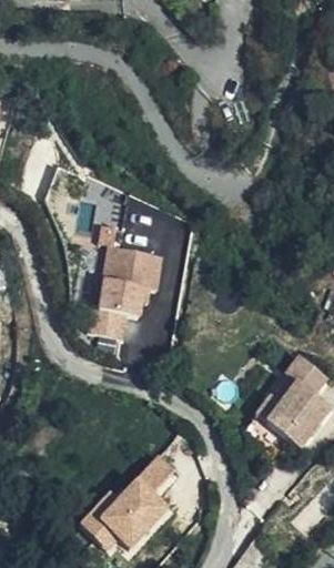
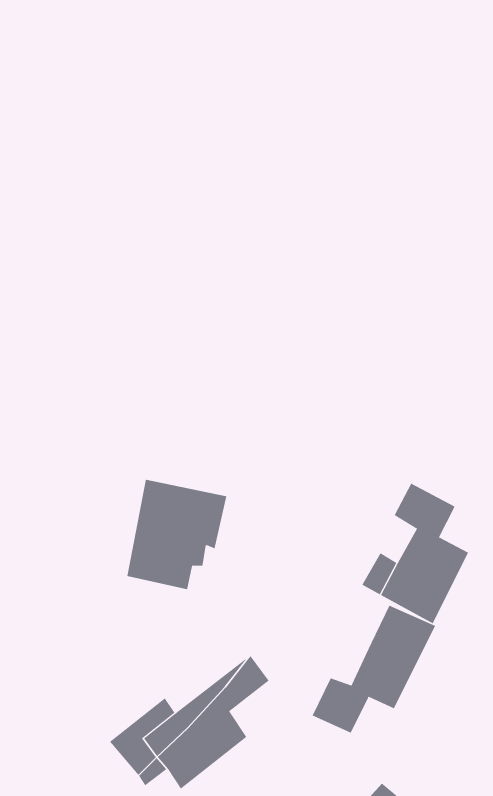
building: [103,241,169,313] -> [126,479,227,590]
building: none -> [312,605,436,733]

